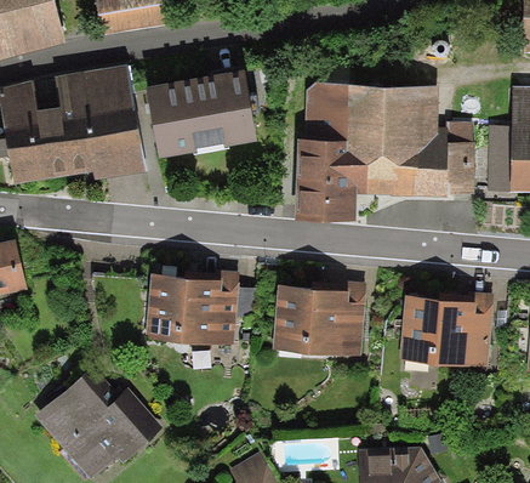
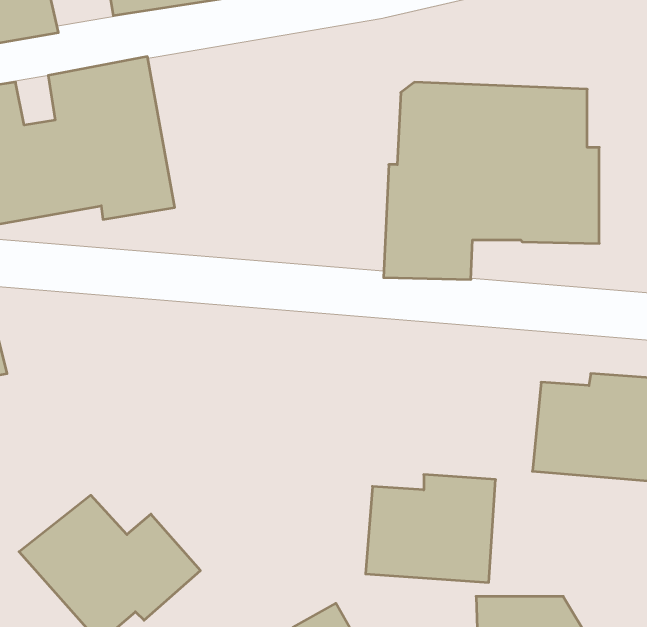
building: [146,72,256,159] -> none
building: [446,121,473,197] -> none
building: [146,267,239,345] -> none
building: [273,278,365,354] -> [366,475,496,582]

